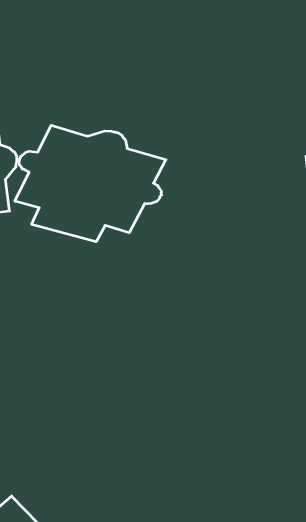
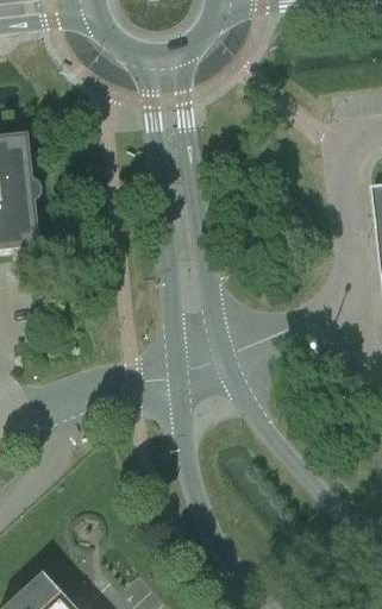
building: [15,125,166,242] -> none

